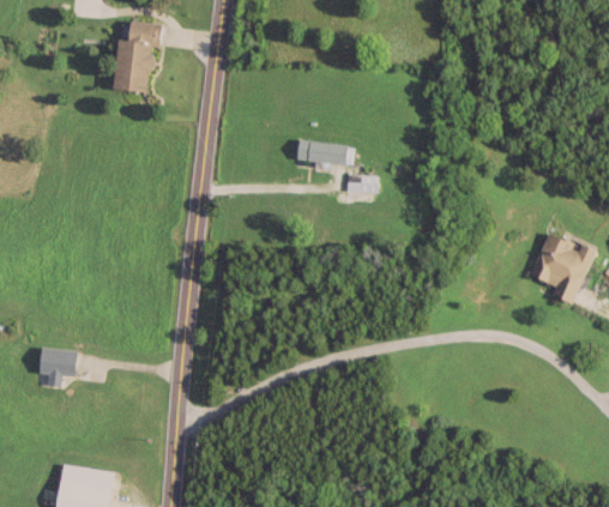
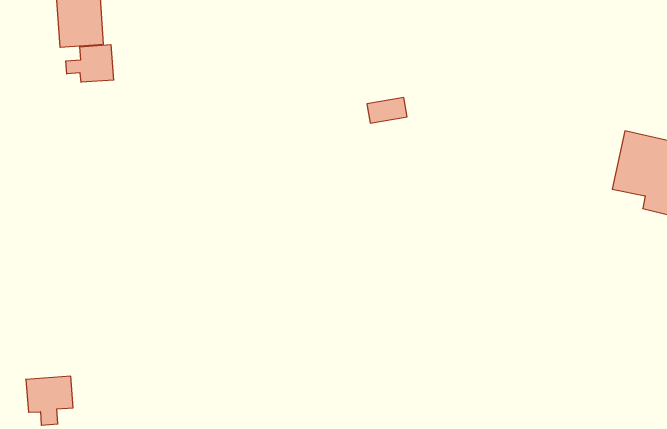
building: none -> [66,45,114,82]
building: [297,140,355,167] -> none

